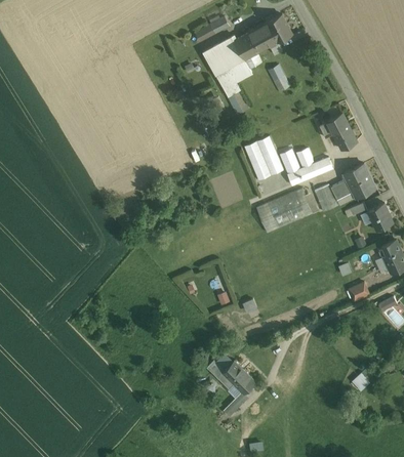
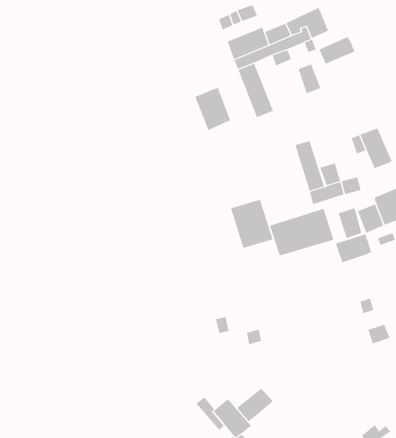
building: none -> [319,36,355,64]
building: none -> [194,87,231,131]
building: [243,136,283,180] -> [230,199,273,248]
building: none -> [335,233,372,263]
building: none -> [237,388,274,422]

